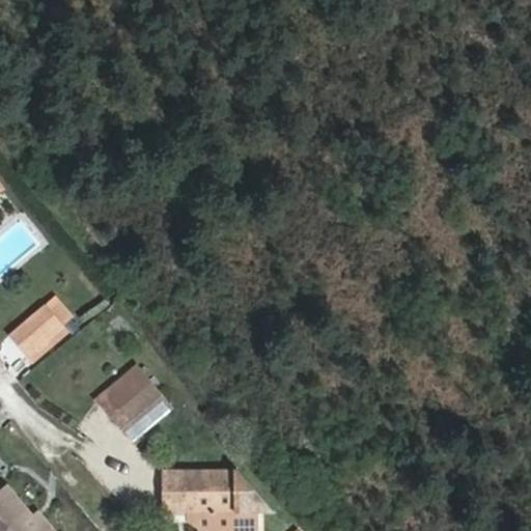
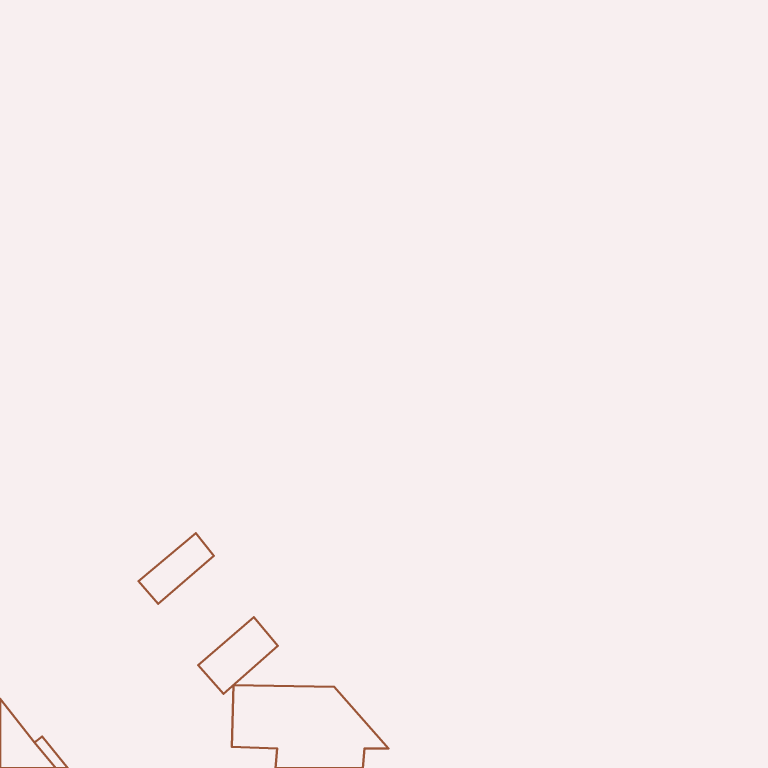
building: [13,308,65,358] -> none
building: [110,383,165,436] -> [198,617,278,694]

